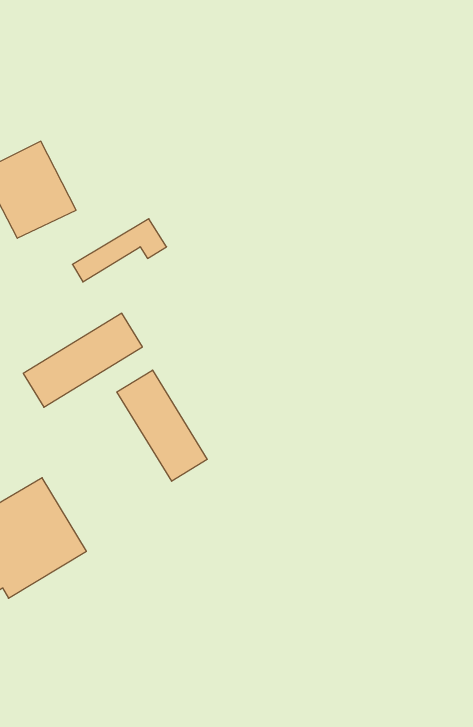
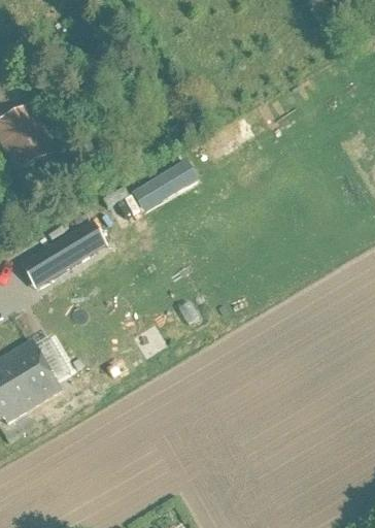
building: [72,219,167,282] -> [133,160,199,204]
building: [117,370,207,481] -> none

